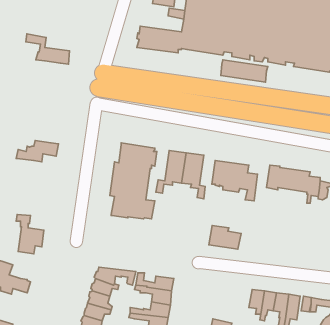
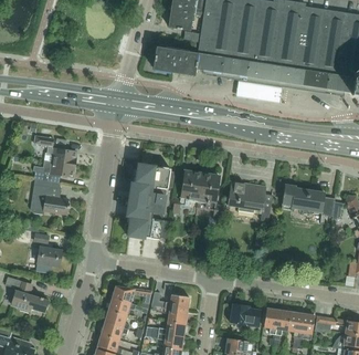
building: [26,34,70,64] -> [33,134,76,164]
building: none -> [30,178,68,217]
building: [209,226,241,249] -> [229,302,261,325]

